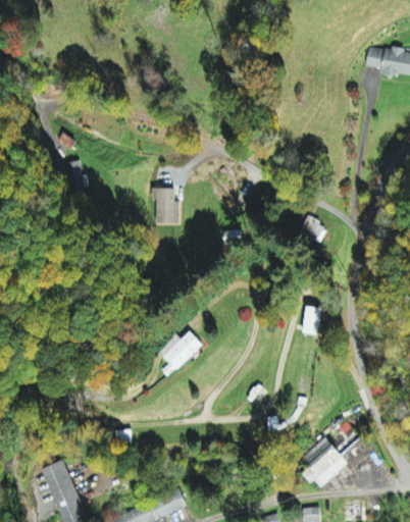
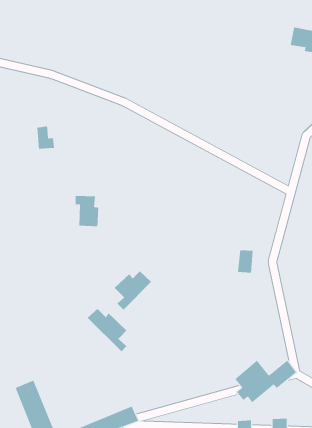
building: [150,189,178,225] -> [75,195,99,227]
building: [298,215,326,245] -> none
building: none -> [87,308,127,352]

